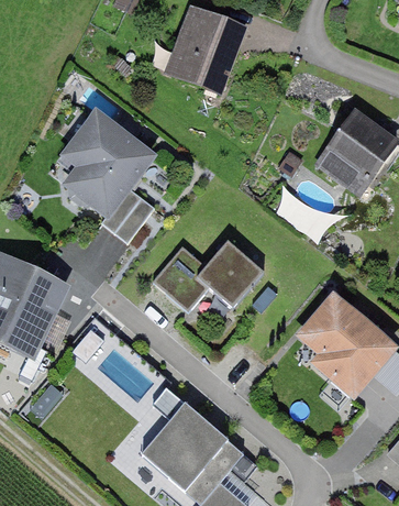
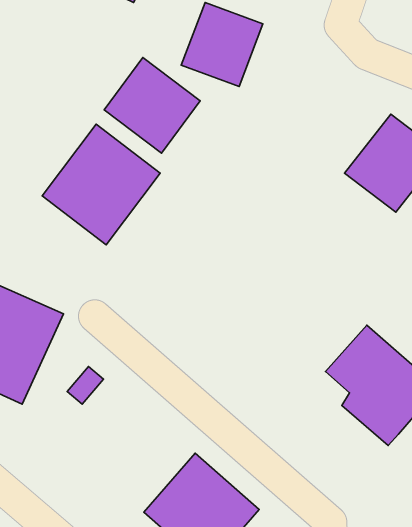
building: none -> [104,58,200,153]
building: [107,188,155,238] -> none
building: [153,242,261,308] -> none

